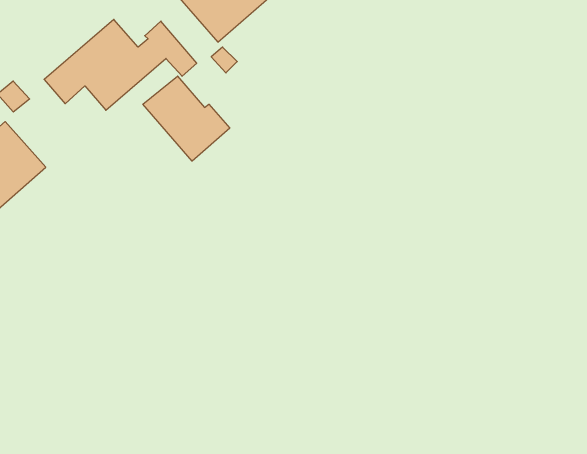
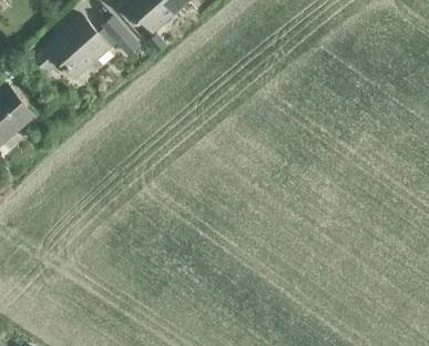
building: [143,76,230,161] -> none

